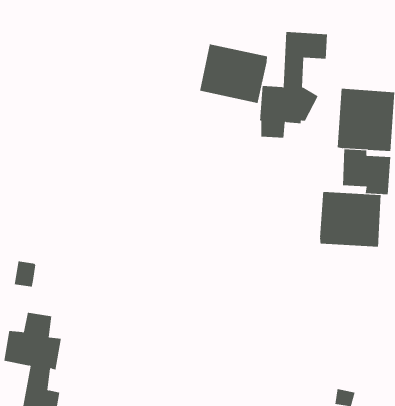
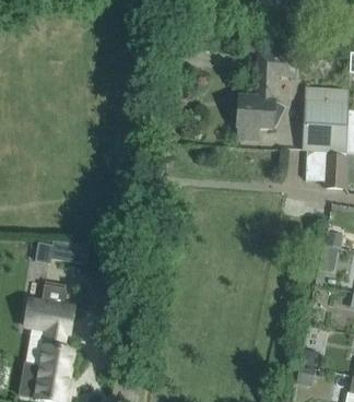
building: [199,43,268,104] -> none
building: [320,191,381,247] -> none

